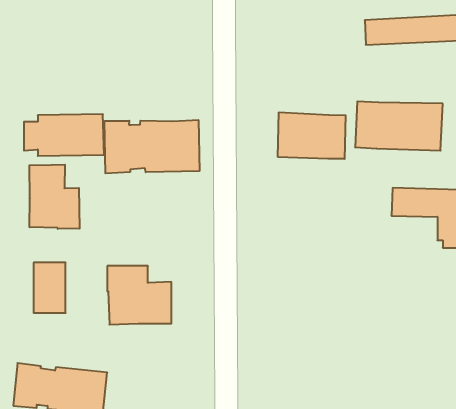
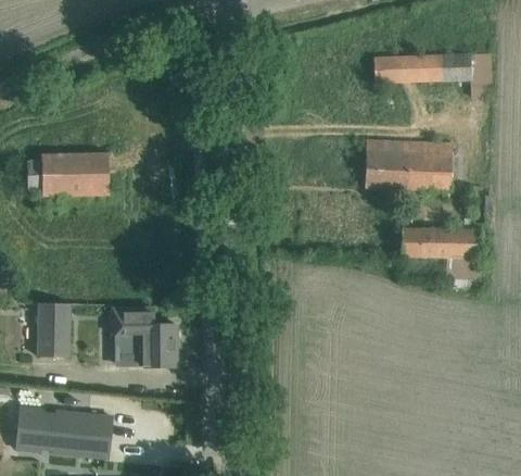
building: [278,112,346,159] -> none
building: [105,120,199,173] -> none
building: [29,165,80,229] -> none

